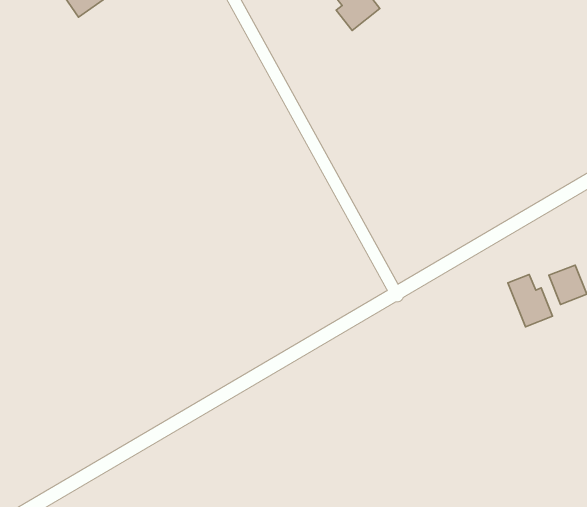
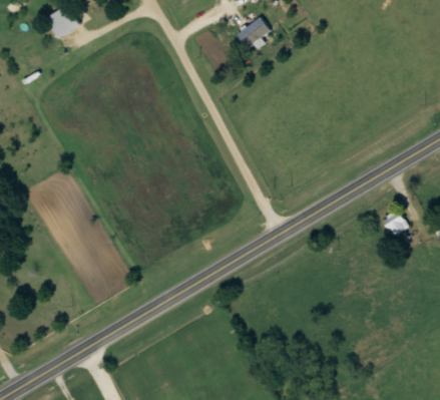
building: [508,275,553,327] -> none

